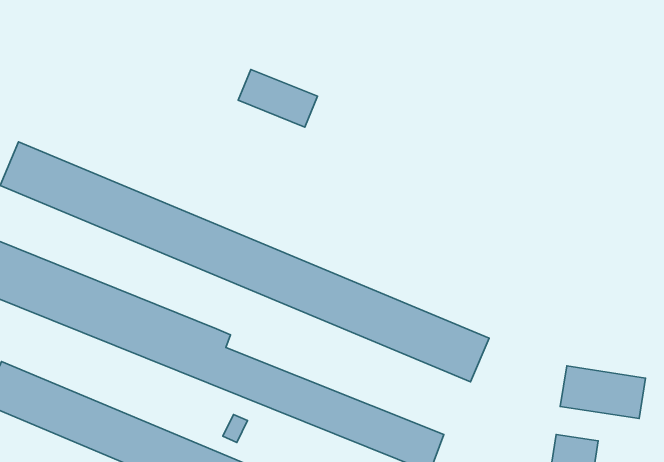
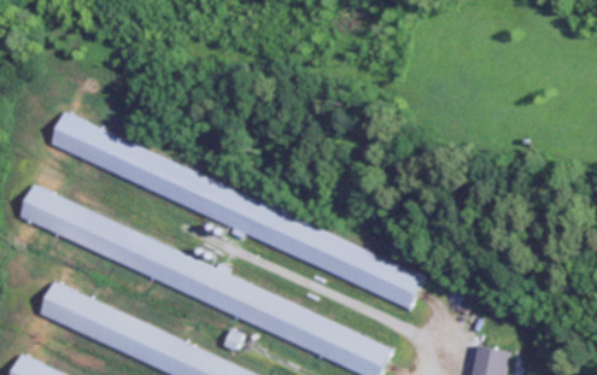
building: [238,69,317,127] -> none
building: [560,366,646,419] -> none

